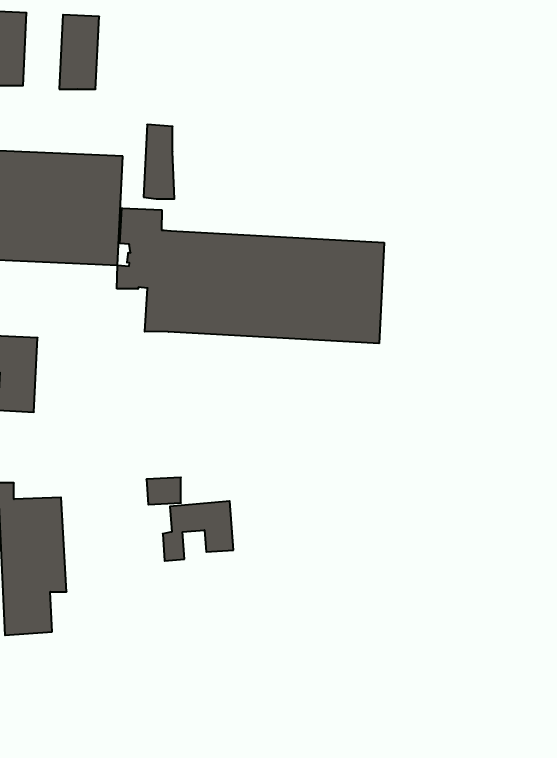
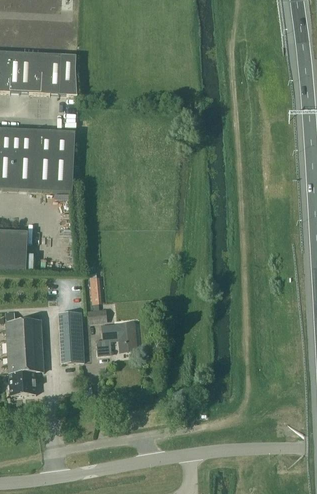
building: none -> [19,51,41,93]
building: [144,125,174,199] -> [59,53,76,94]
building: [117,208,384,343] -> none
building: none -> [58,310,84,361]

